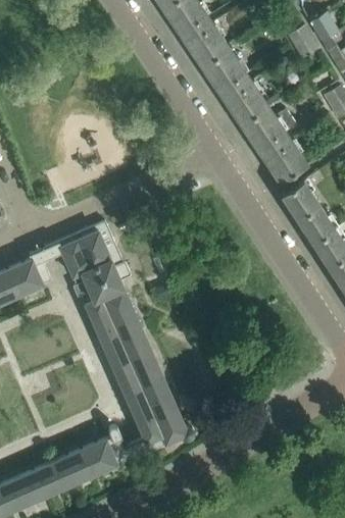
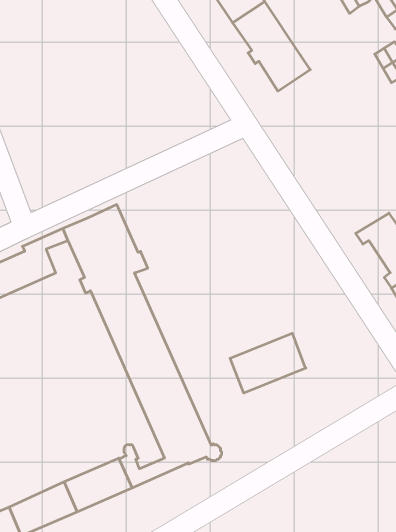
building: [241,108,307,185] -> none
building: [280,180,336,248] -> none
building: none -> [230,333,306,393]

